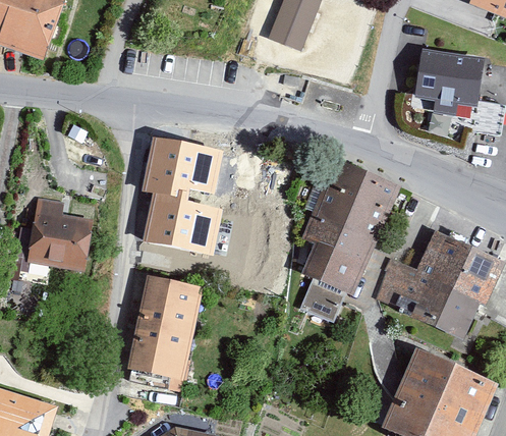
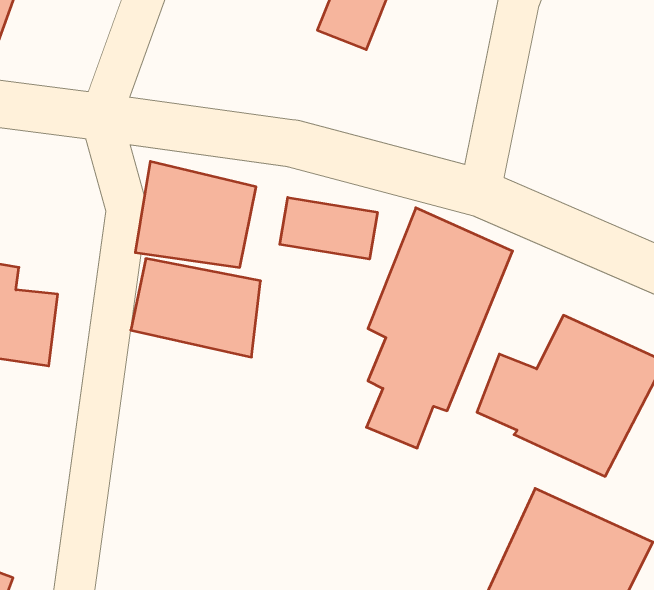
building: [412,48,487,119] -> none
building: none -> [280,197,377,259]
building: [126,275,203,380] -> none

